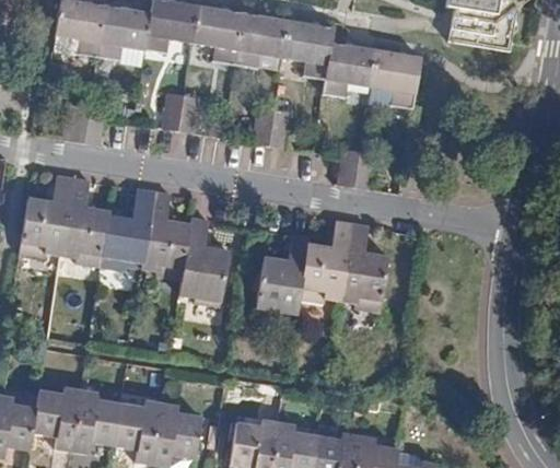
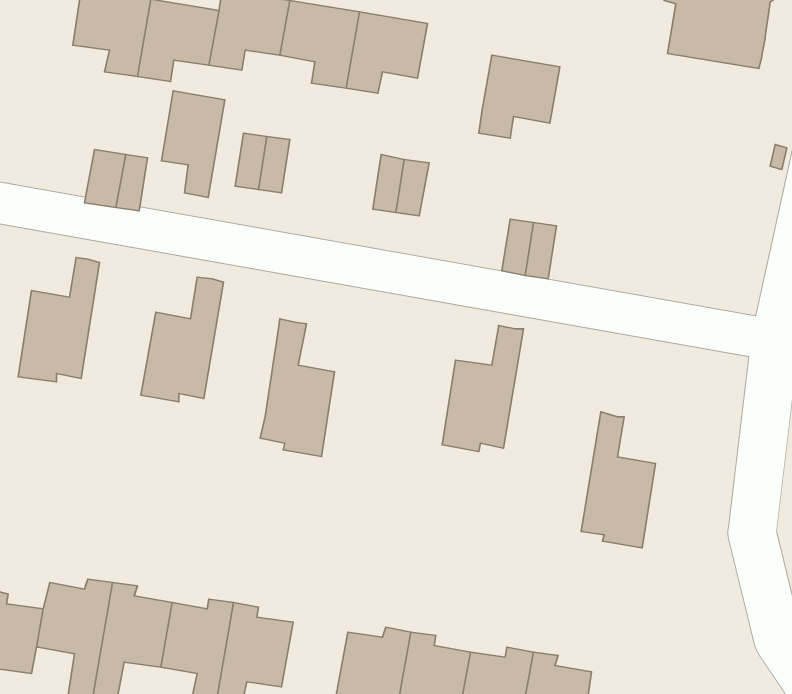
building: [282,21,334,78] -> none
building: [370,49,421,107] -> none
building: none -> [161,91,225,197]
building: [60,178,109,266] -> none
building: [141,191,190,280] -> none
building: [339,222,388,312] -> [581,412,656,548]
building: [254,232,308,316] -> none

